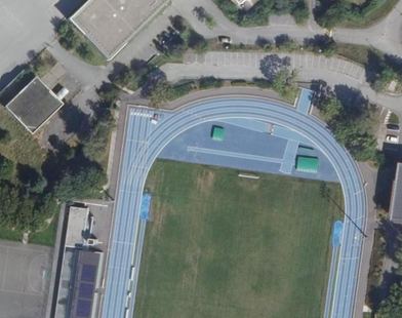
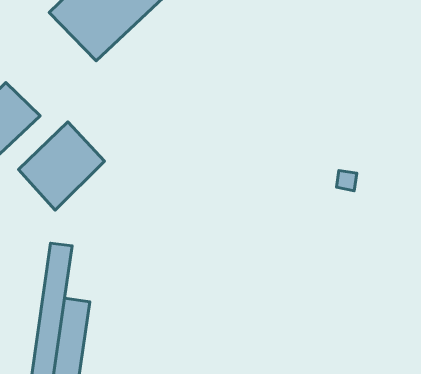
building: none -> [18,122,105,210]

